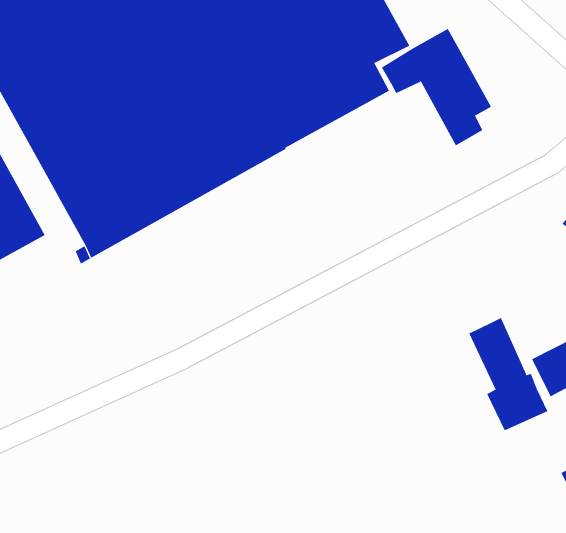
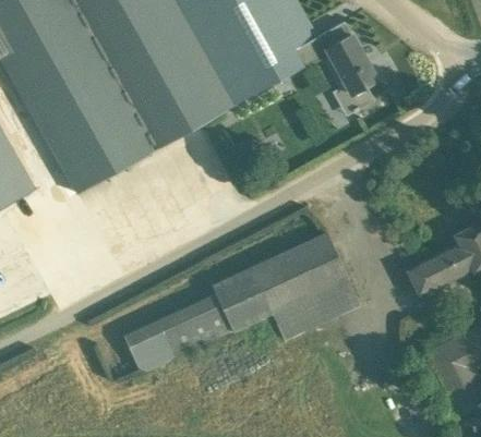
building: none -> [122,233,360,374]
building: [468,317,548,431] -> none

